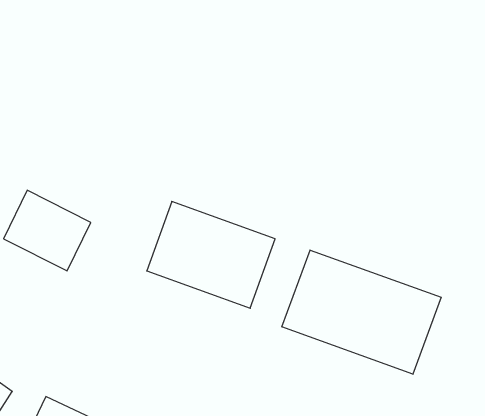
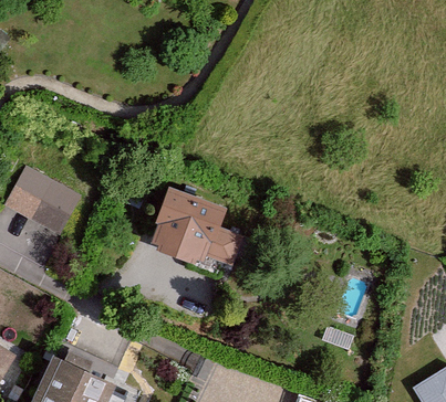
building: [282,250,441,374] -> none

